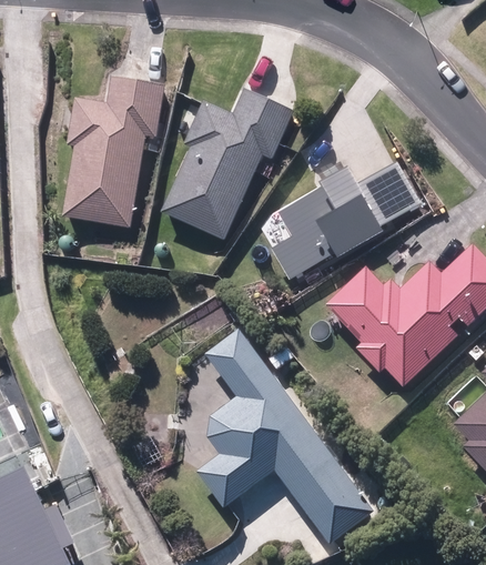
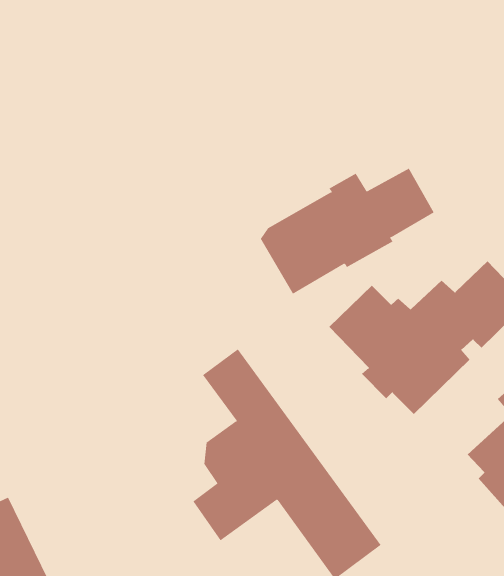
building: [63,75,164,228] -> none
building: [163,90,291,239] -> none

